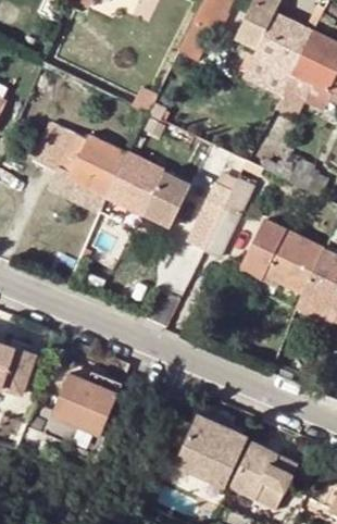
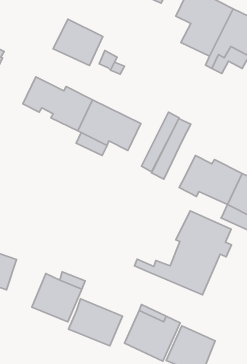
building: none -> [53,19,103,66]
building: [47,161,107,209] -> none
building: none -> [134,211,232,295]
building: none -> [69,299,122,346]

